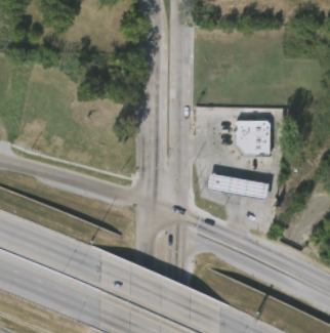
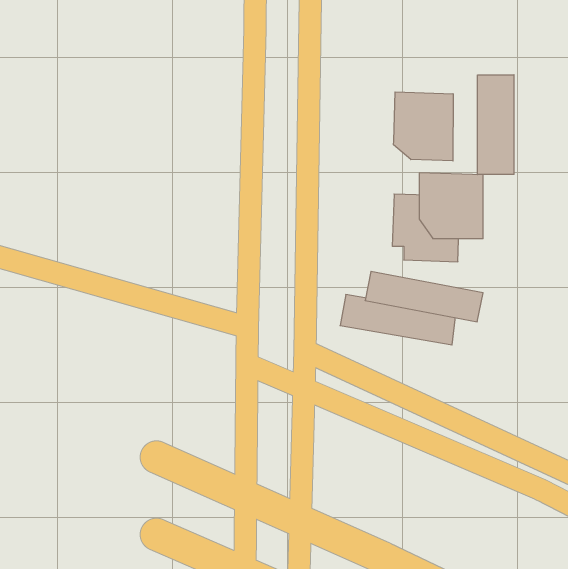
building: none -> [478,75,514,175]
building: none -> [394,92,453,161]

